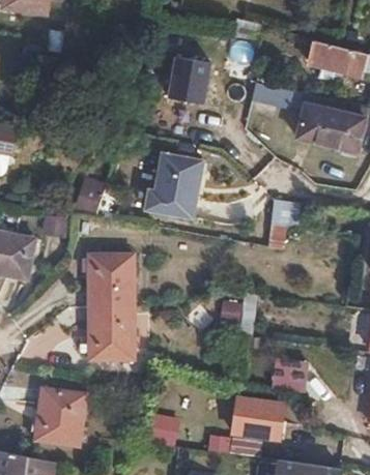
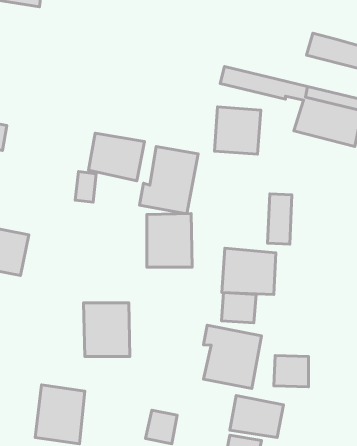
building: [172,57,218,103] -> [214,107,261,154]
building: none -> [88,133,144,181]
building: none -> [222,248,276,295]
building: [88,254,133,306] -> [147,214,192,267]
building: none -> [203,325,261,389]

